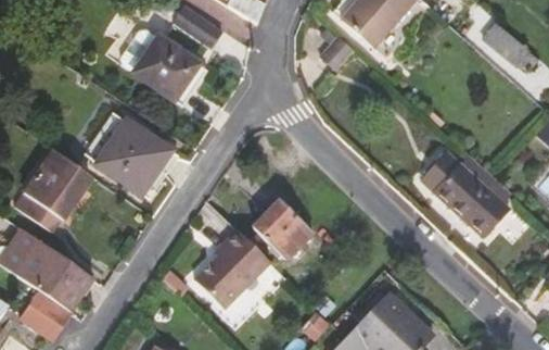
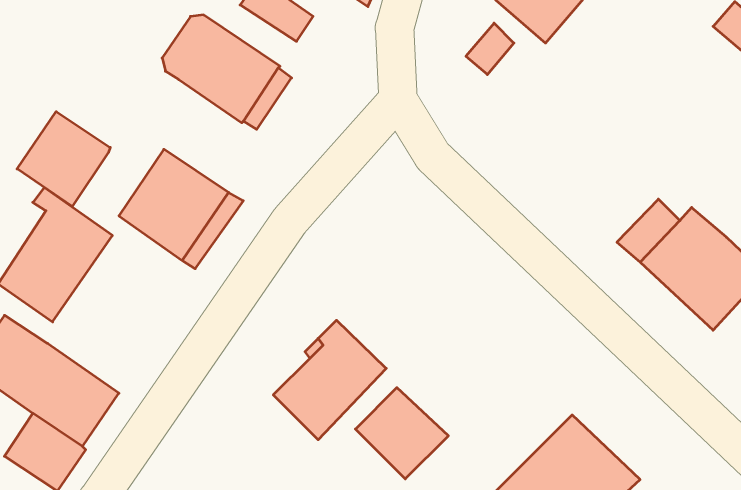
building: none -> [17,112,110,207]
building: [254,200,315,260] -> [355,388,448,479]

